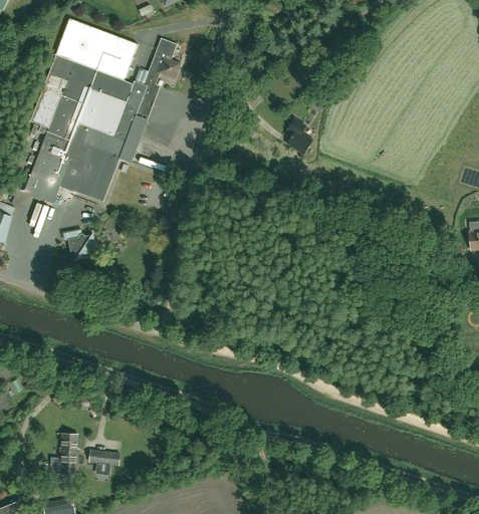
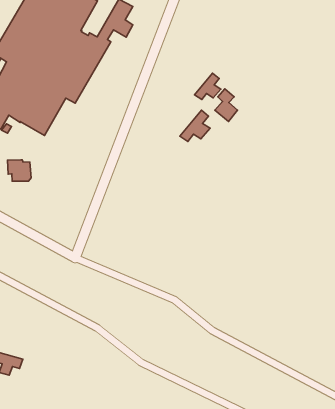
building: none -> [195,73,221,100]
building: none -> [180,110,210,141]

